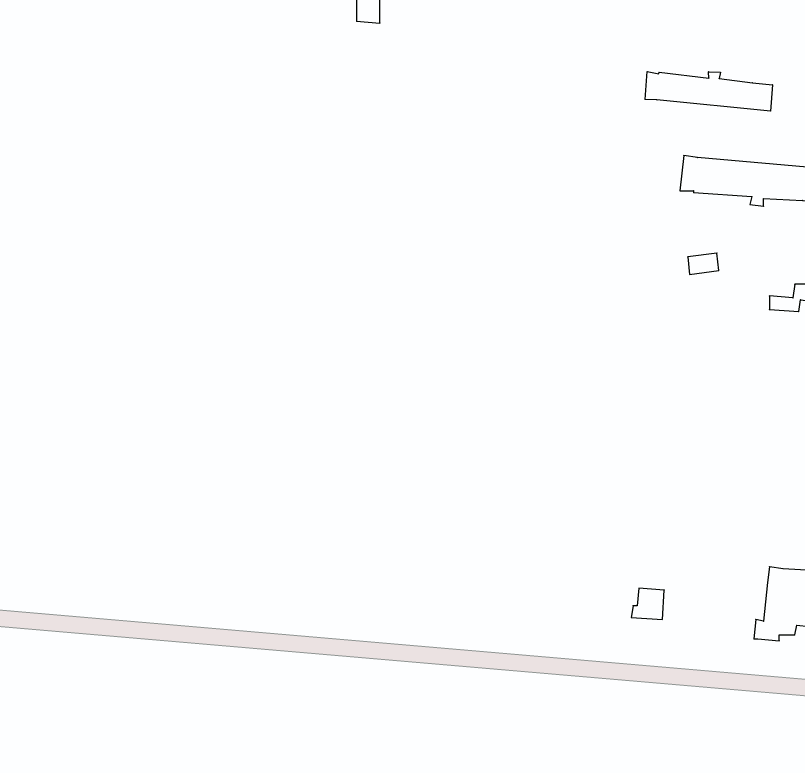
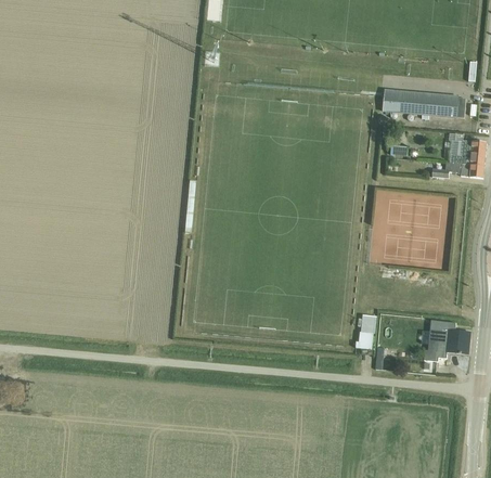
building: [645,72,772,111] -> none

